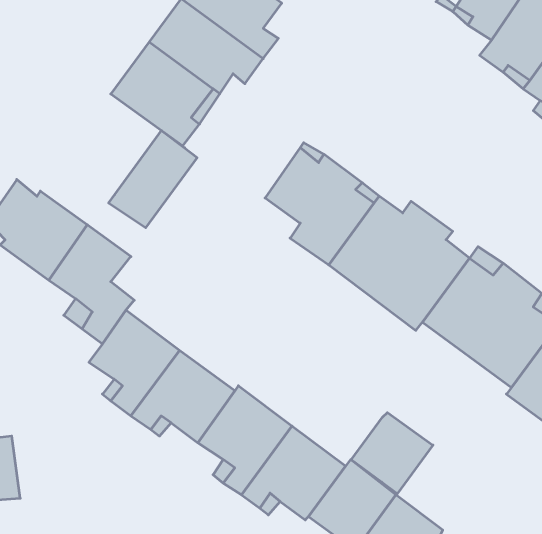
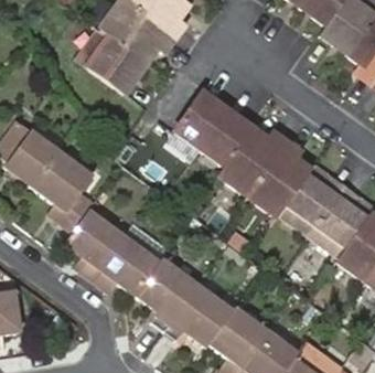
building: [109,131,197,228] -> none
building: [351,413,433,494] -> none

